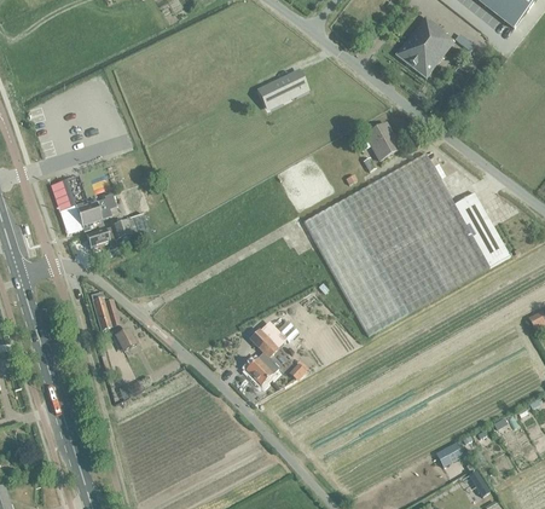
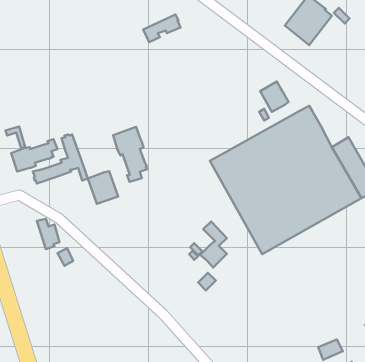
building: [260,71,306,105] -> [143,15,180,42]
building: none -> [113,127,147,182]
building: none -> [88,171,118,204]
building: [244,328,277,384] -> [200,221,227,268]

